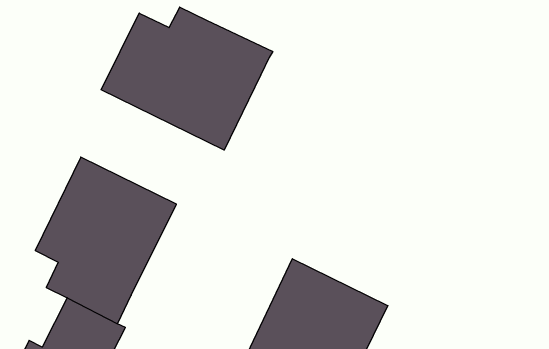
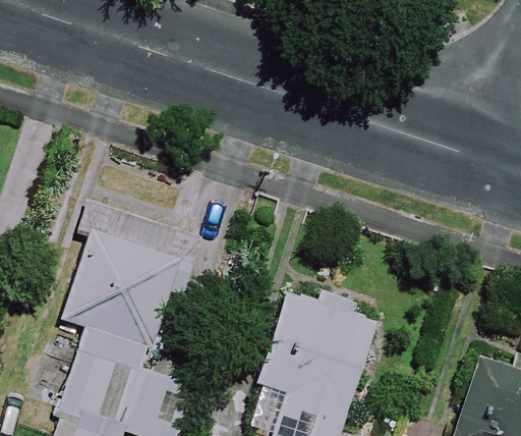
building: [101,7,273,150] -> none

